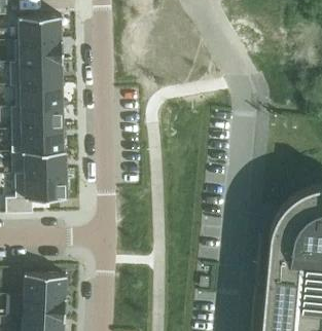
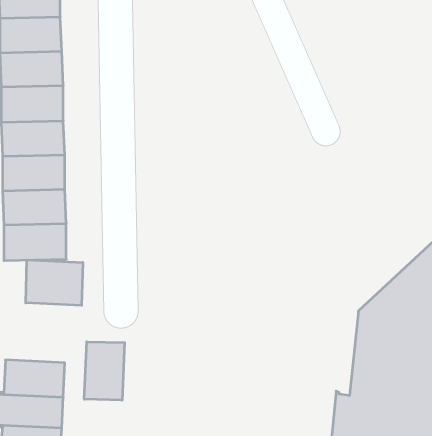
building: none -> [26,260,83,305]
building: none -> [84,342,125,400]

